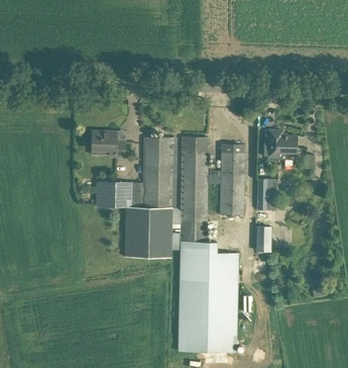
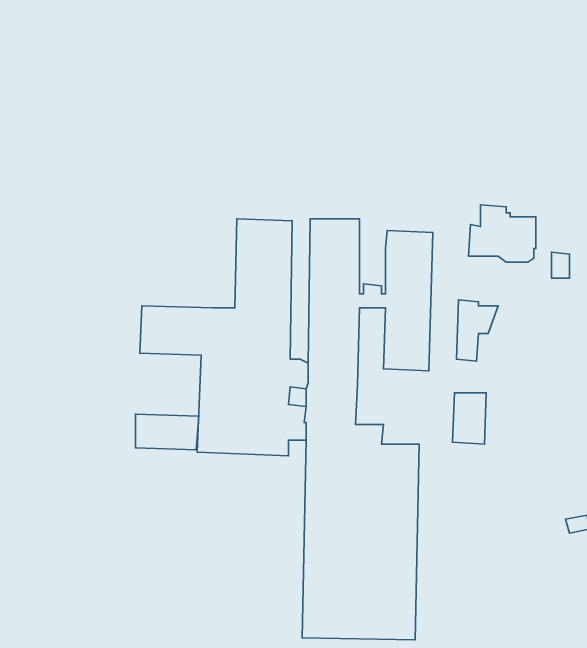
building: [91,131,124,155] -> none
building: none -> [135,414,199,450]

